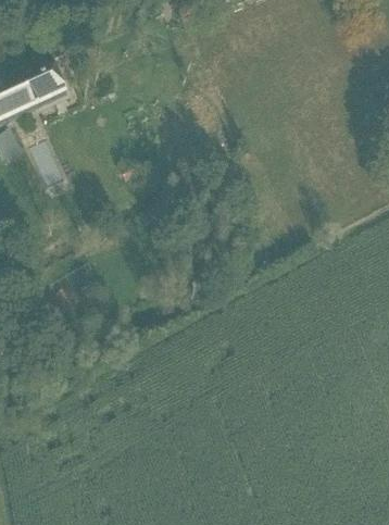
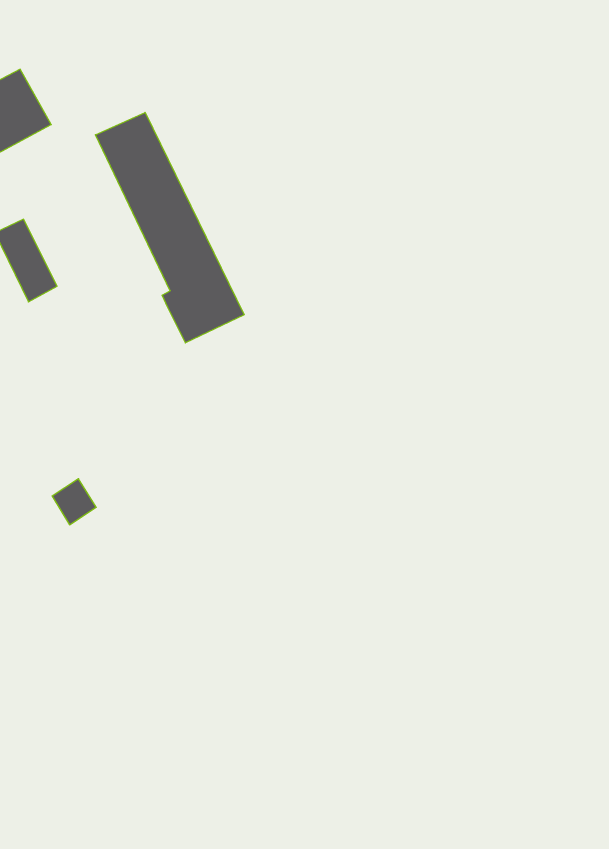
building: none -> [95,112,244,343]

